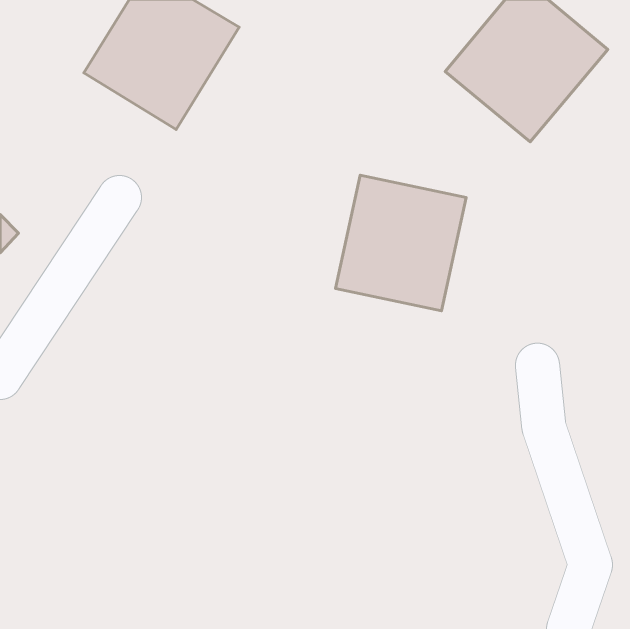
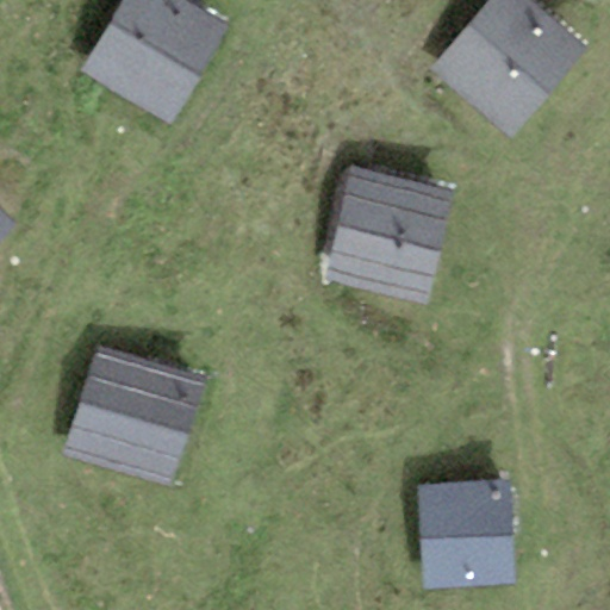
building: none -> [64,346,205,485]
building: none -> [417,479,516,587]

